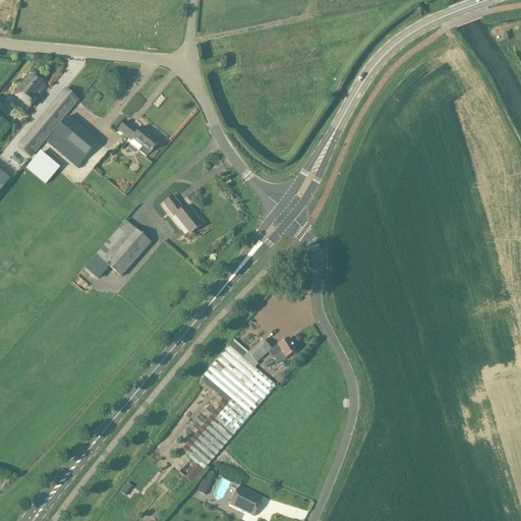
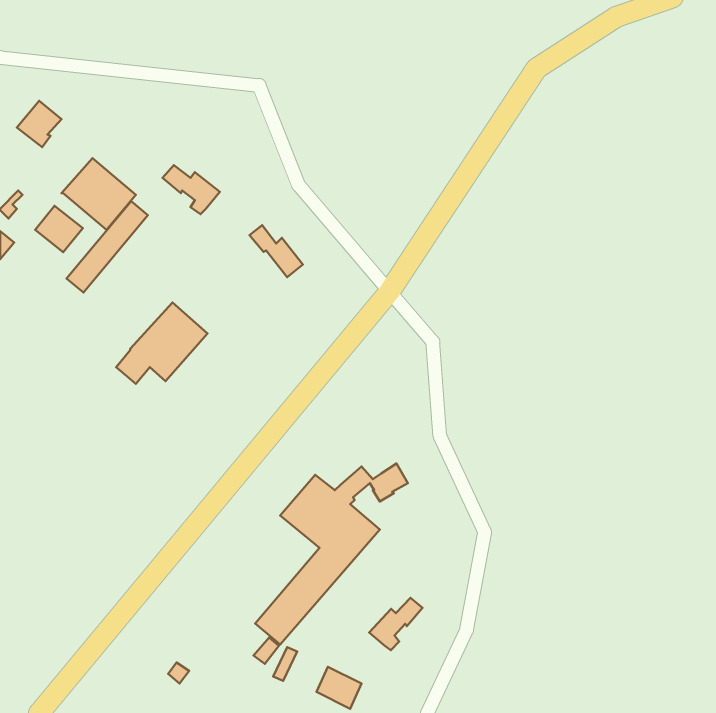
building: [18,89,77,155] -> [67,201,148,292]
building: [163,195,201,233] -> [249,225,303,277]
building: none -> [369,598,423,650]

